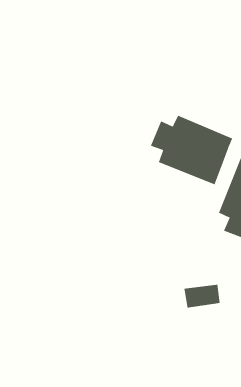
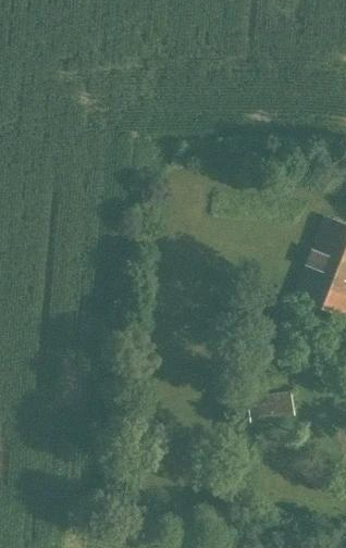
building: [150,115,233,185] -> none

